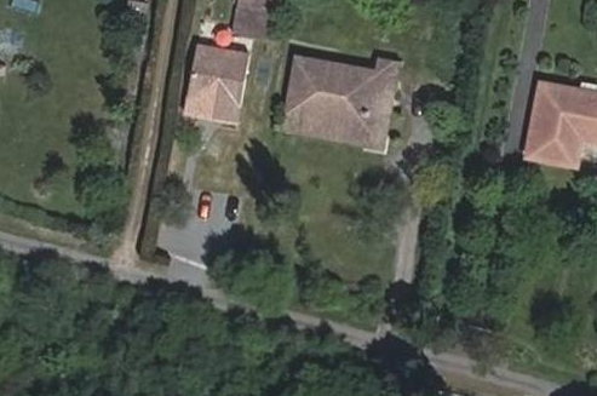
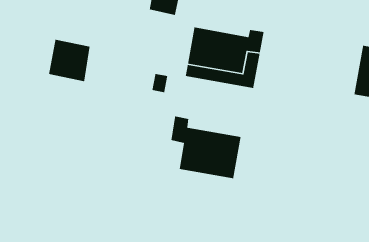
building: [186,44,248,107] -> [48,39,91,82]
building: none -> [170,116,242,179]

